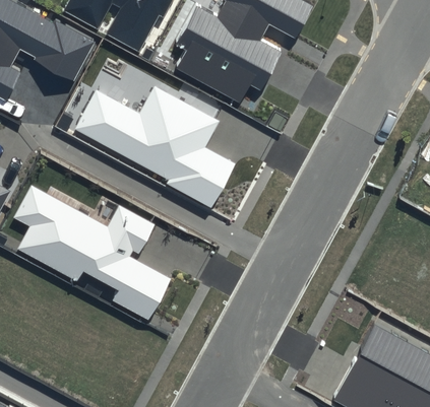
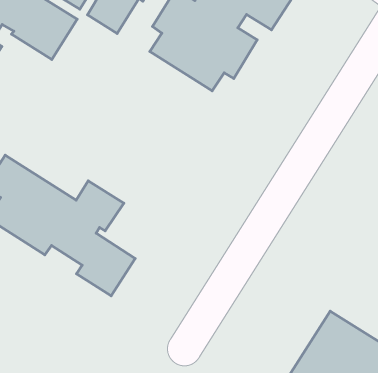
building: [73,86,235,209] -> none

